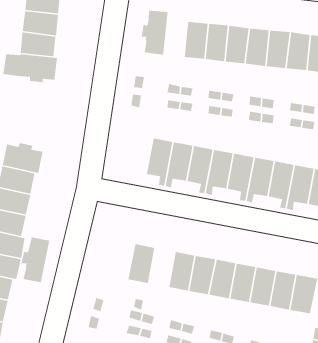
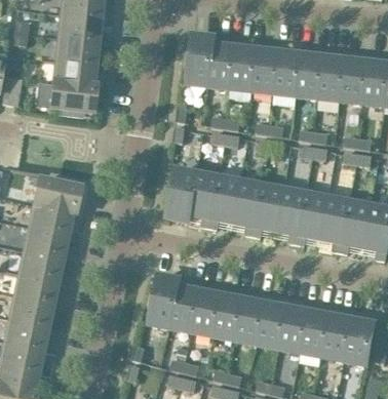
building: none -> [208,39,234,88]
building: none -> [165,171,197,221]
building: [21,236,50,283] -> [147,277,179,327]
building: none -> [192,292,221,335]

